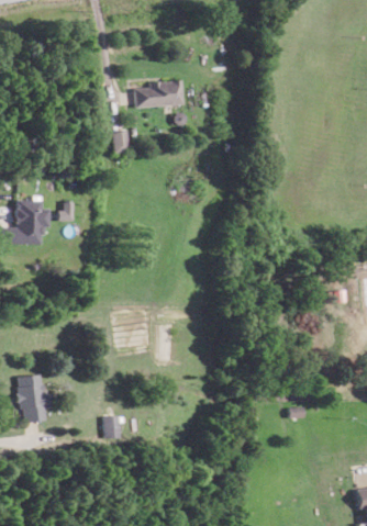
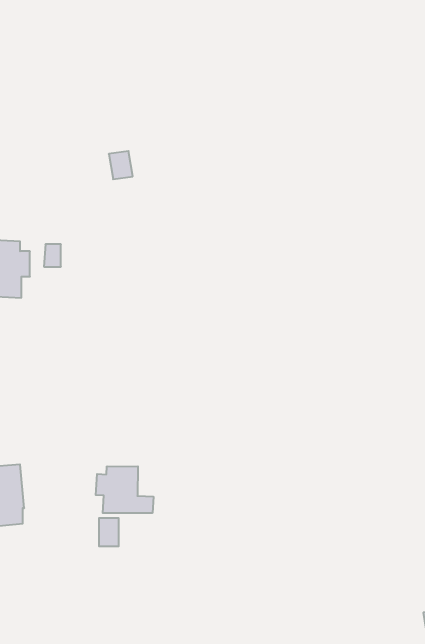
building: [135,80,184,108] -> none
building: none -> [96,466,153,513]

